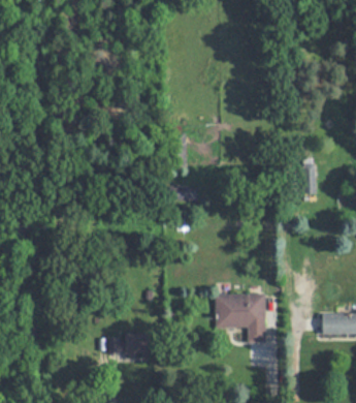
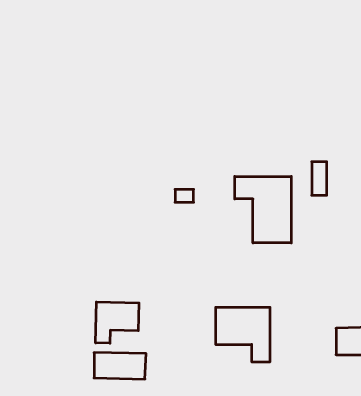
building: none -> [235,176,291,243]
building: none -> [96,302,139,343]

